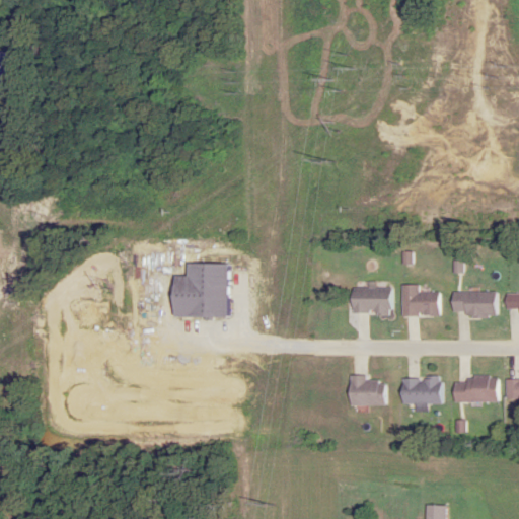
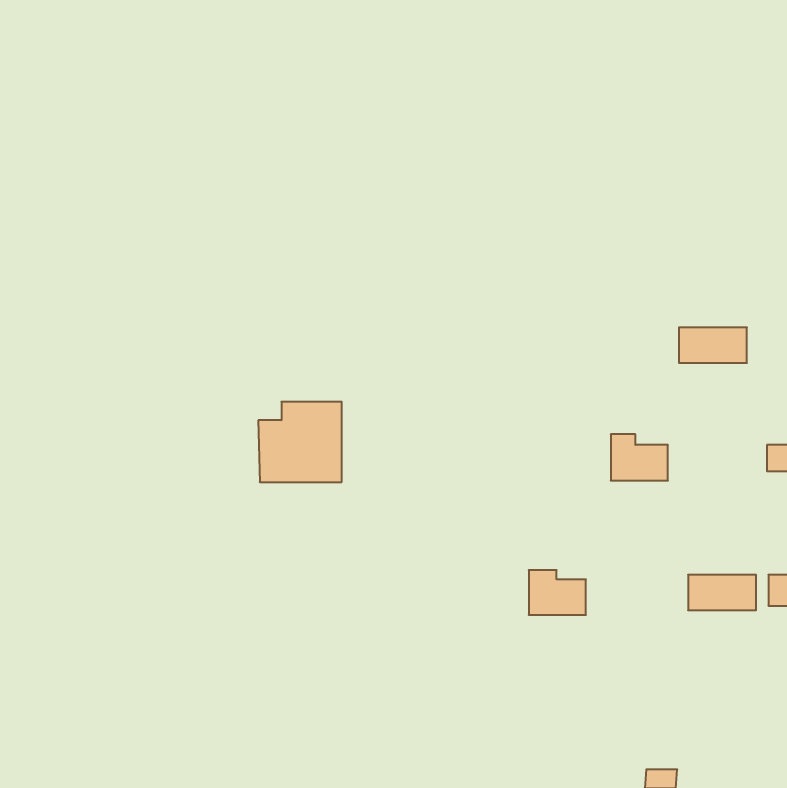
building: [352,288,393,313] -> none
building: [452,292,497,315] -> [679,327,747,363]
building: [401,376,443,403] -> none

